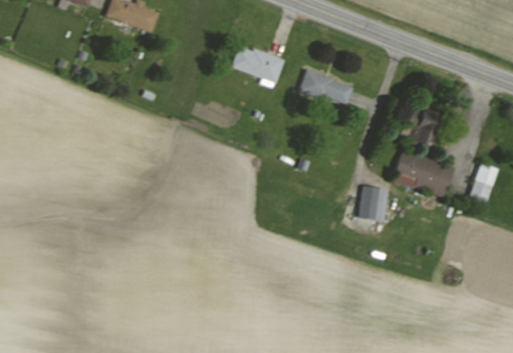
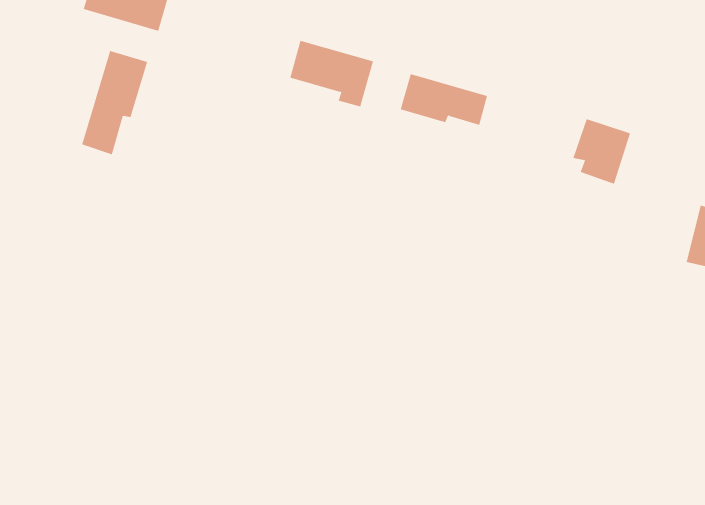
building: none -> [81,50,148,155]
building: [396,150,454,197] -> none
building: [359,186,389,222] -> none

